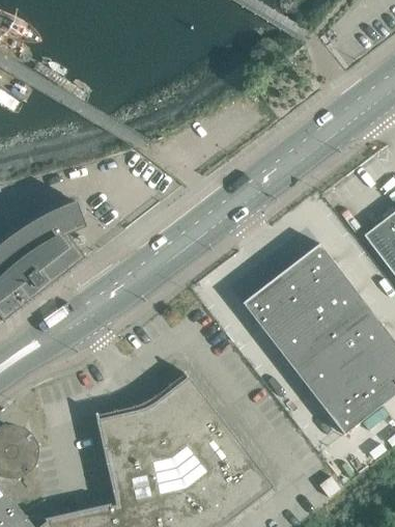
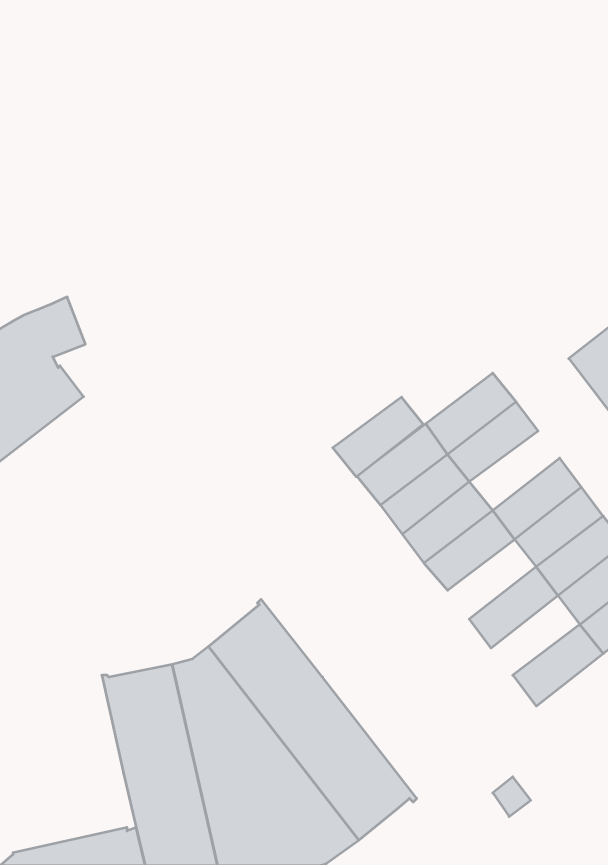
building: [306,277,358,323] -> [333,397,423,477]
building: [293,339,344,385] -> none
building: [318,371,369,417] -> none

